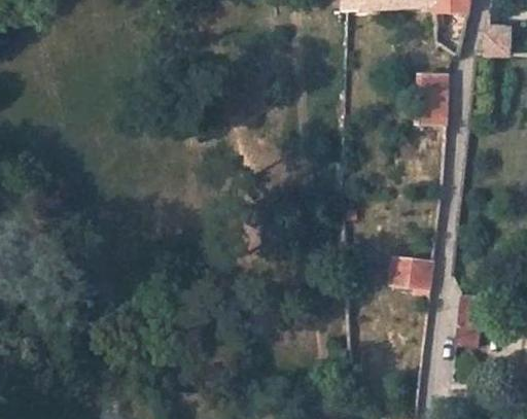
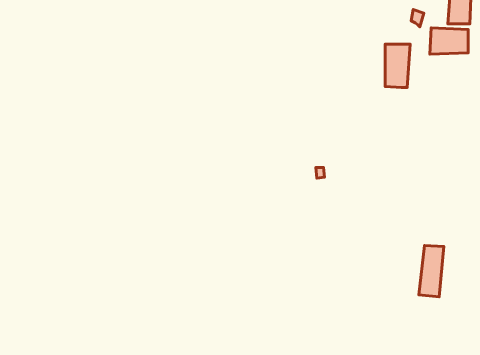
building: none -> [430,28,468,54]
building: [390,263,431,296] -> none

